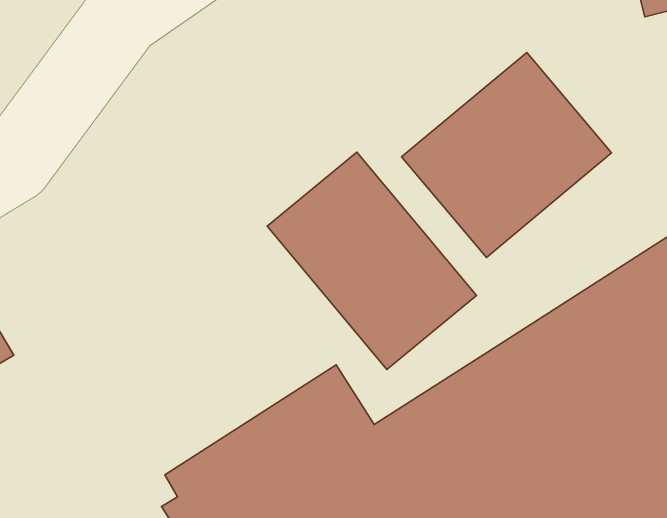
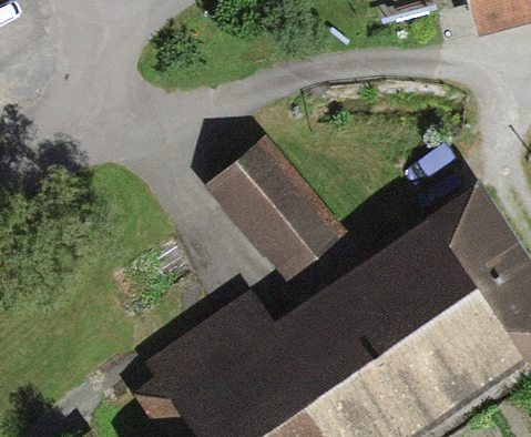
building: [401,52,612,258] -> none

